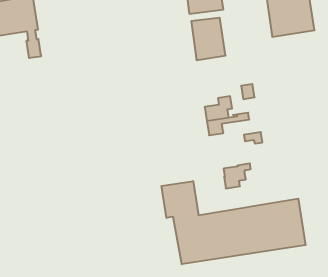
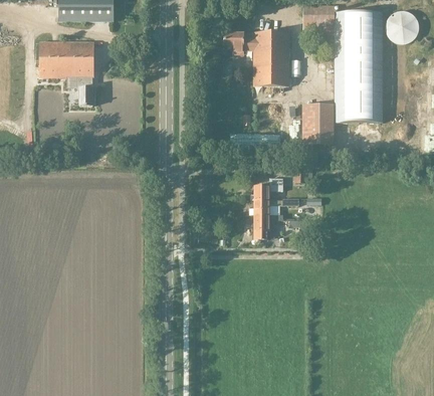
building: [191,18,226,60] -> [302,103,334,144]
building: [224,163,251,188] -> [253,213,282,235]
building: [162,181,306,264] -> none

